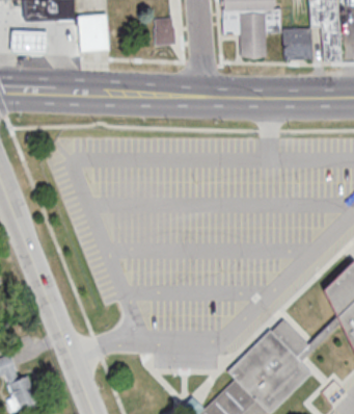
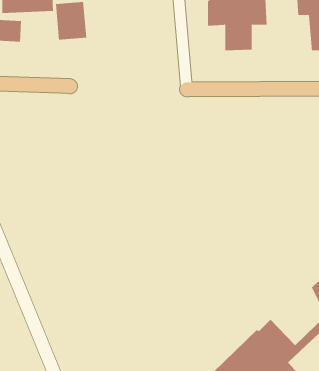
building: [154,17,175,44] -> none
building: [282,31,311,62] -> none

